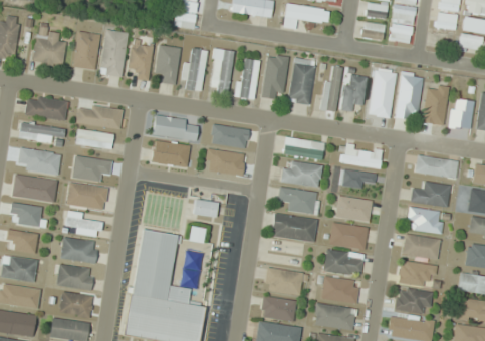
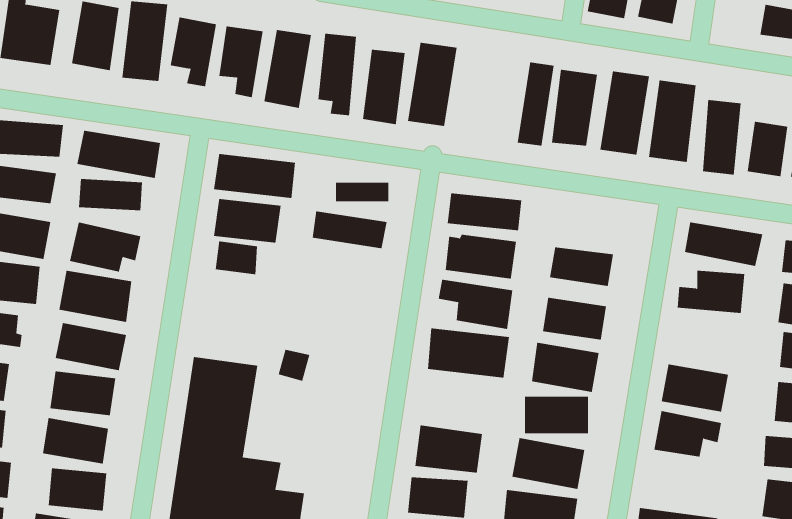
building: [289,58,314,104] -> none
building: [339,142,383,169] -> none
building: [193,199,217,218] -> [215,241,258,275]
building: [406,207,445,234] -> none
building: [394,285,432,316] -> none

